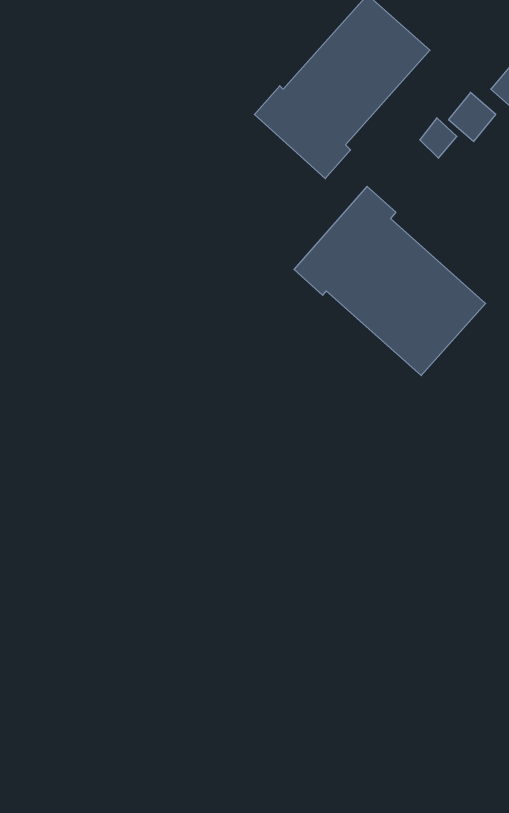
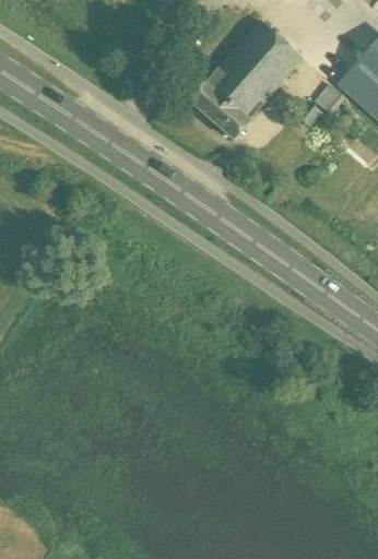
building: [294,186,486,376] -> none

